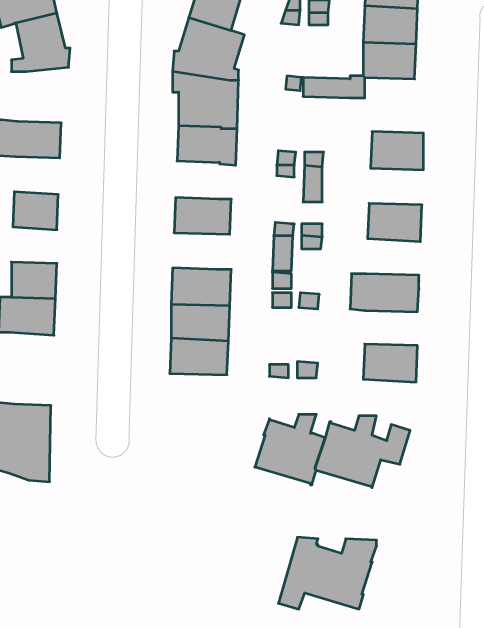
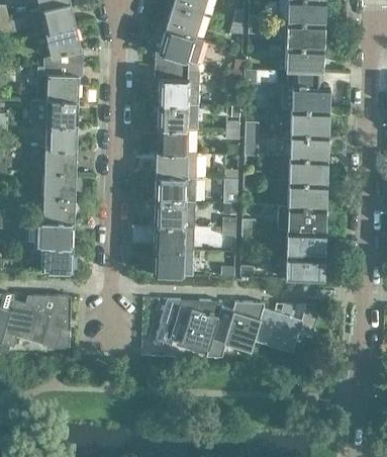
building: none -> [42,64,82,102]
building: none -> [281,71,327,109]
building: none -> [44,125,76,152]
building: none -> [156,128,186,155]
building: none -> [289,133,326,159]
building: none -> [42,174,74,199]
building: none -> [154,178,193,203]
building: none -> [287,182,324,207]
building: none -> [286,232,322,256]
building: none -> [40,247,72,272]
building: [278,537,377,609] -> [153,300,220,350]

